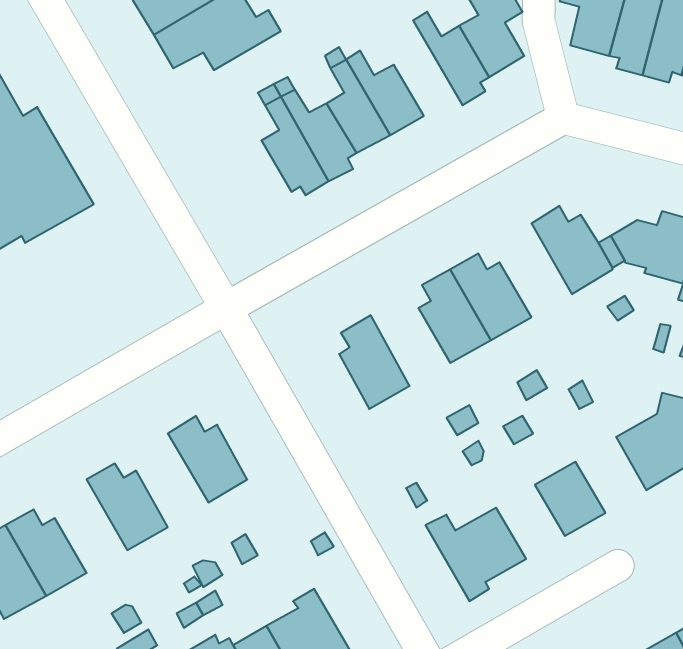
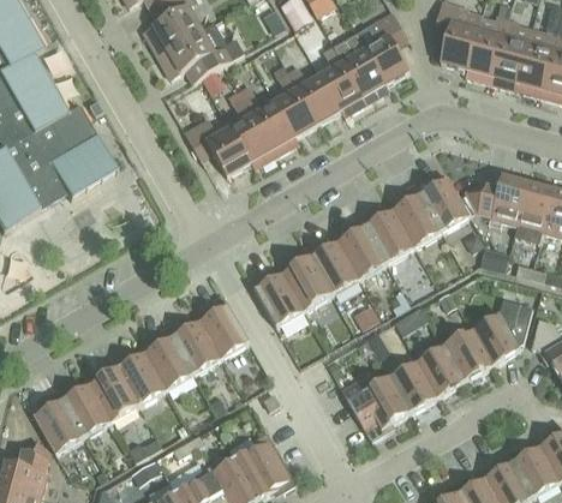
building: none -> [319,46,366,113]
building: none -> [184,118,250,175]
building: none -> [391,184,441,247]
building: none -> [304,235,358,294]
building: none -> [247,267,303,327]
building: none -> [199,294,249,358]
building: none -> [144,327,193,390]
building: none -> [443,329,491,381]
building: none -> [89,358,138,421]
building: none -> [389,361,436,412]

